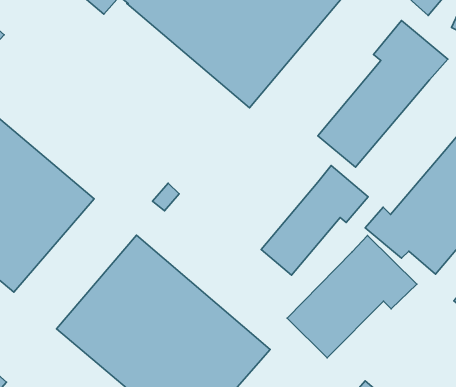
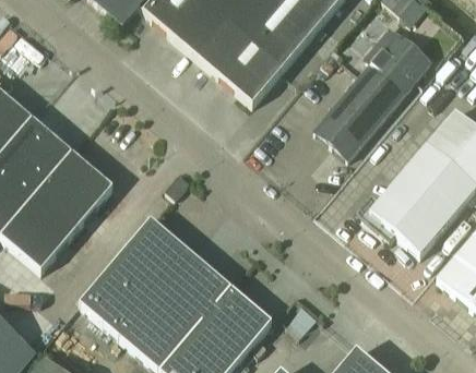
building: [261,165,368,275] -> none
building: [287,235,417,358] -> none

